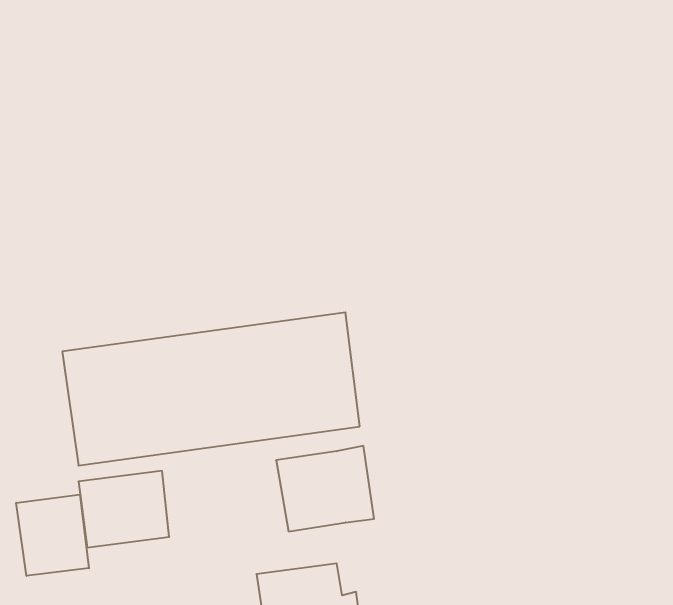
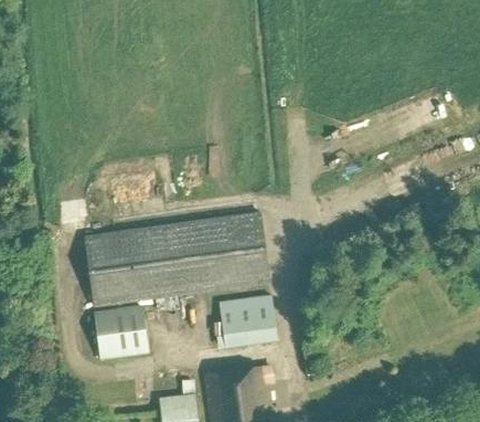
building: [16,495,89,576] -> none

